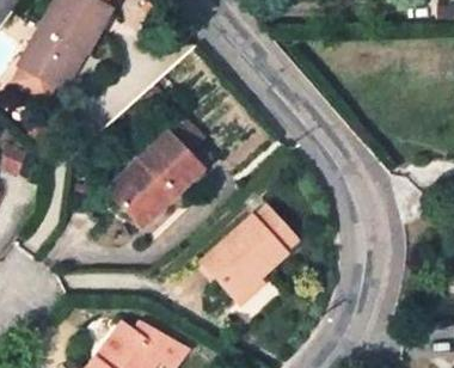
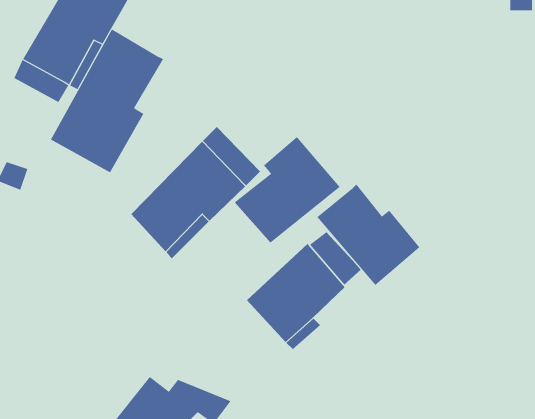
building: none -> [50,29,164,173]
building: none -> [234,136,341,243]
building: none -> [317,184,420,286]

